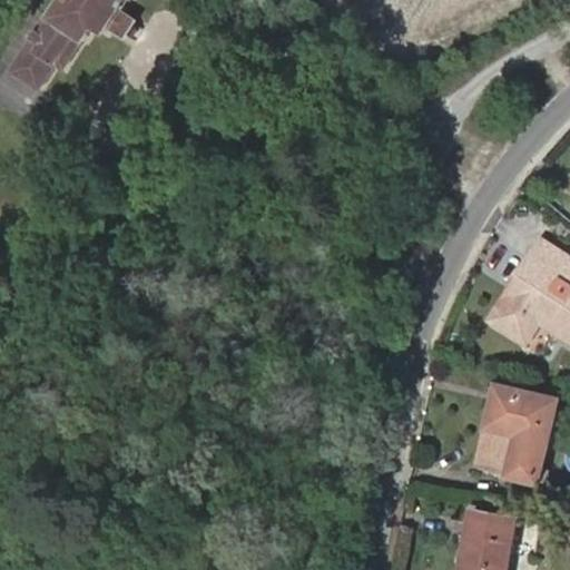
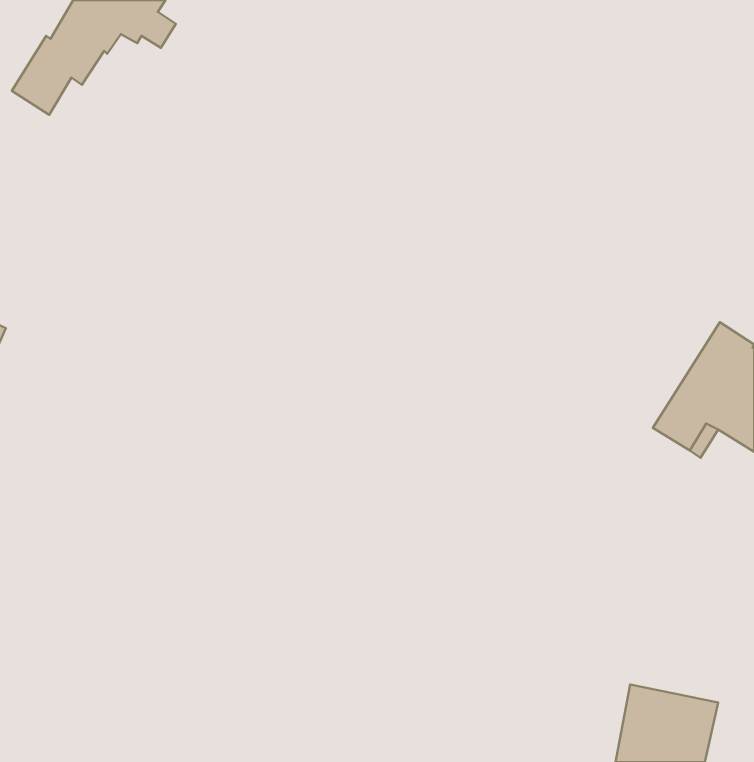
building: [478,387,556,482] -> none

